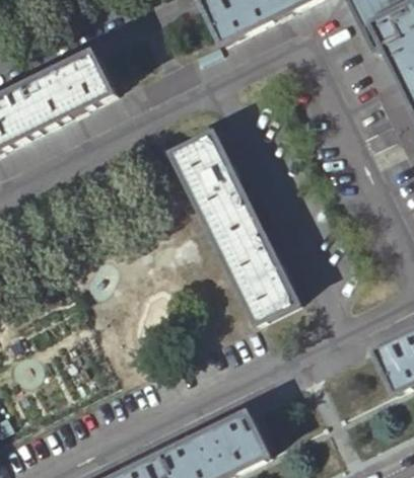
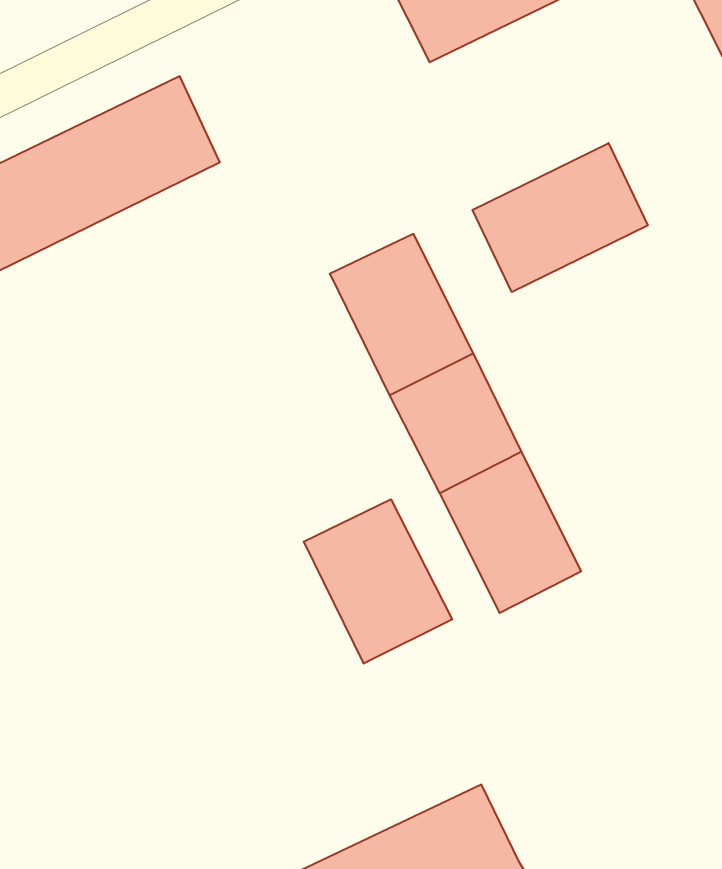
building: none -> [473,143,648,292]
building: none -> [304,499,452,664]

